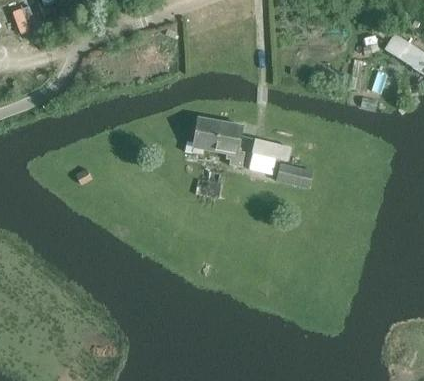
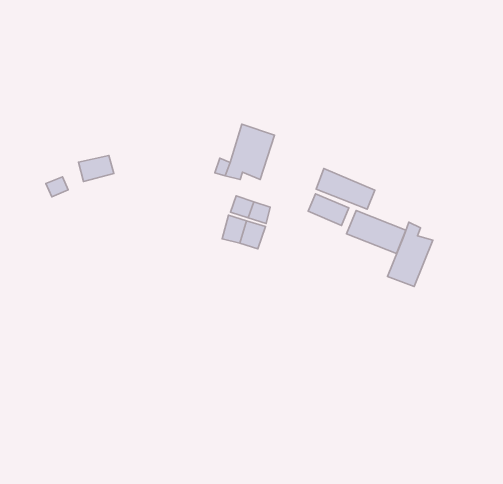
building: [215,121,244,166] -> none
building: none -> [387,222,433,287]

